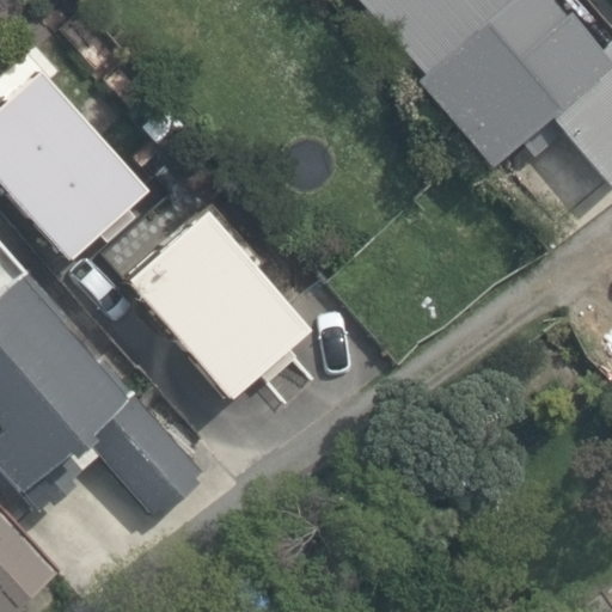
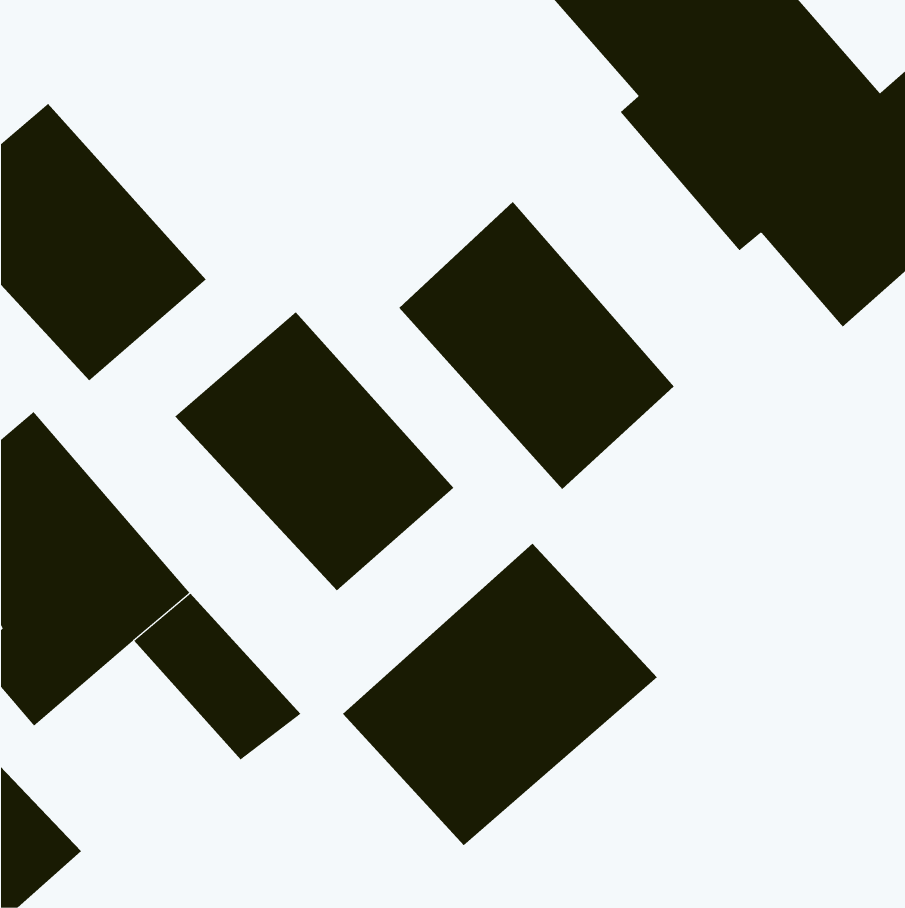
building: none -> [398,201,674,490]
building: none -> [342,543,658,846]

